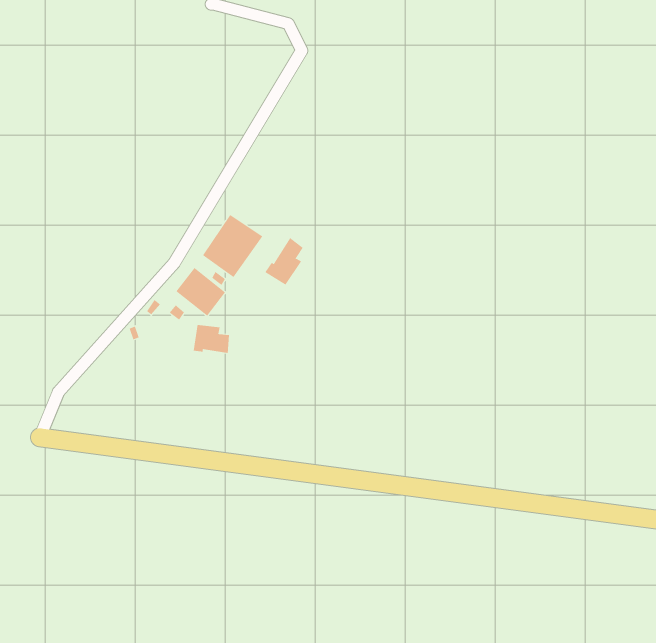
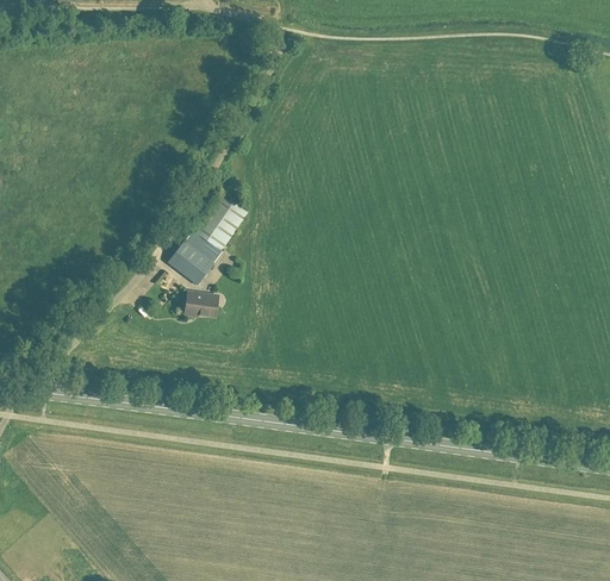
building: [264,237,304,285] -> none

